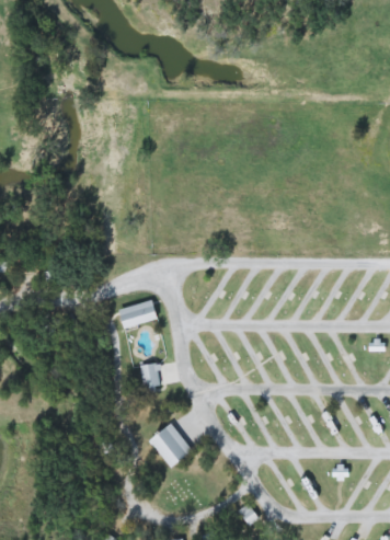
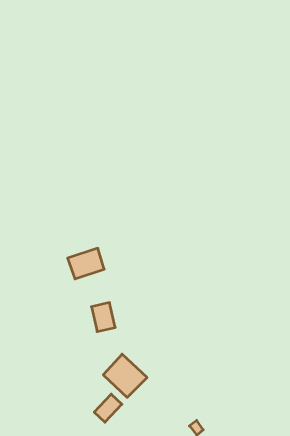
building: none -> [94,394,122,422]

